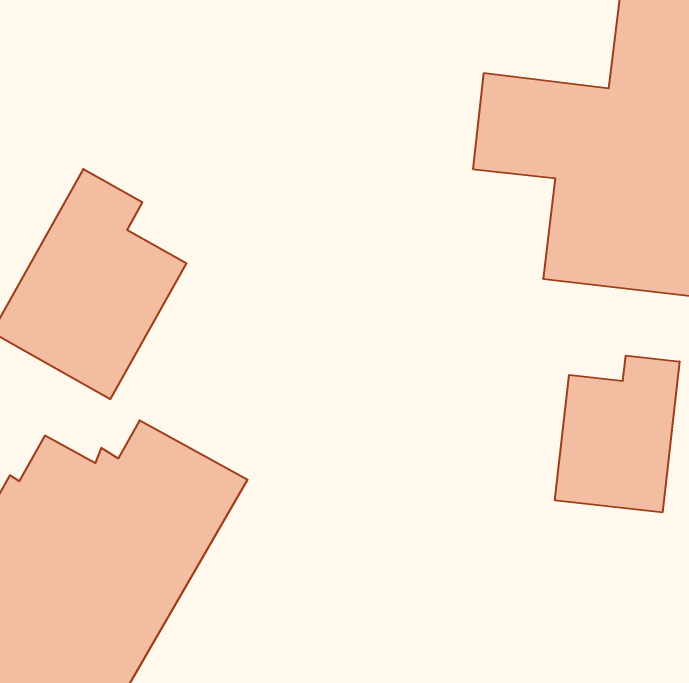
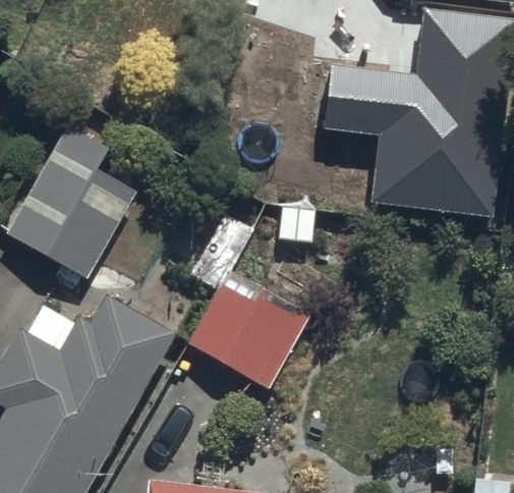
building: [555,356,680,512] -> none
building: none -> [186,286,308,393]

